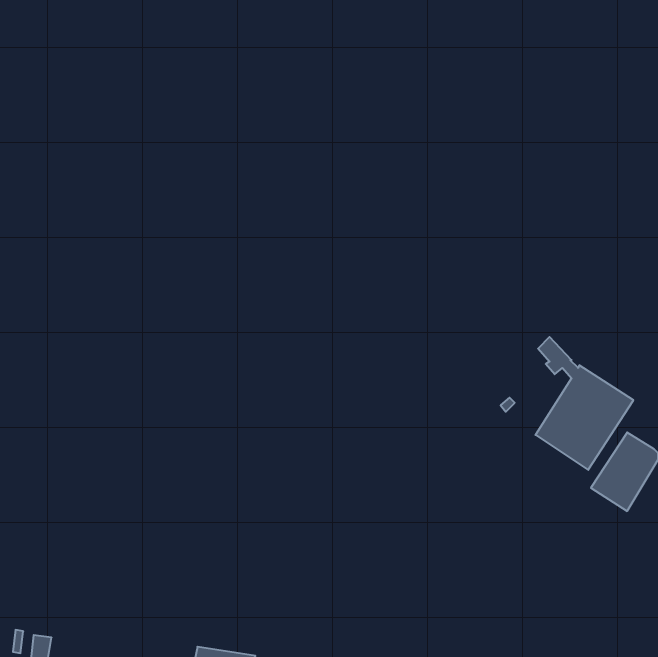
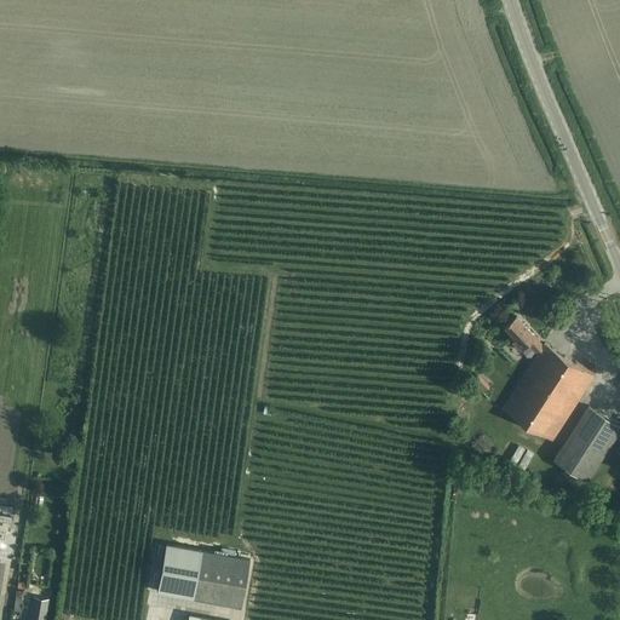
building: none -> [156,546,249,609]

